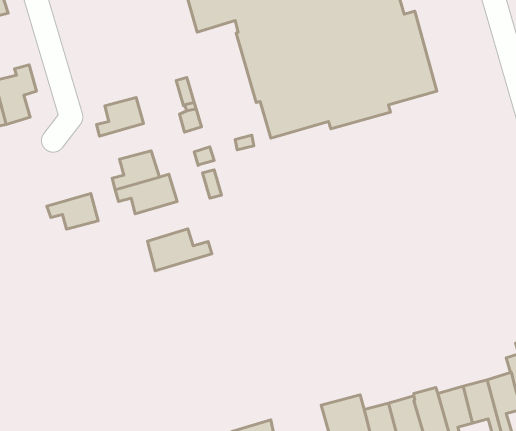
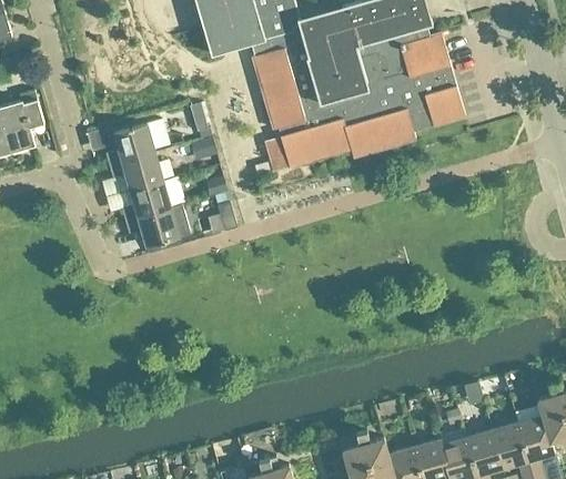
building: [47,193,98,229] -> [108,151,162,188]
building: [148,229,212,271] -> none

